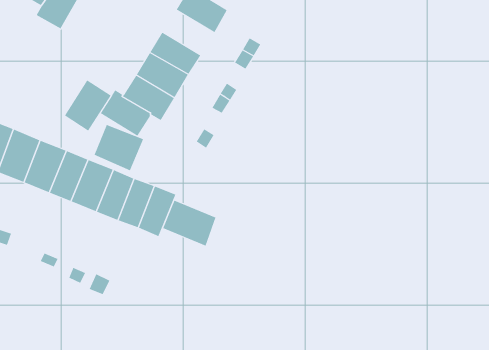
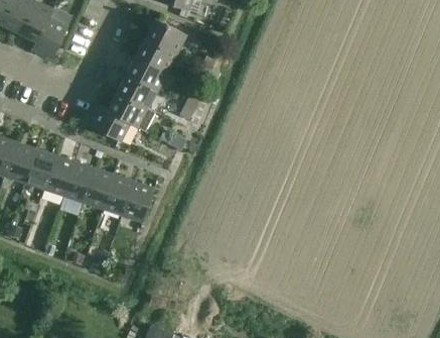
building: none -> [135,36,178,73]
building: [64,80,111,131] -> none
building: [94,124,144,171] -> none
building: [163,200,216,246] -> none

